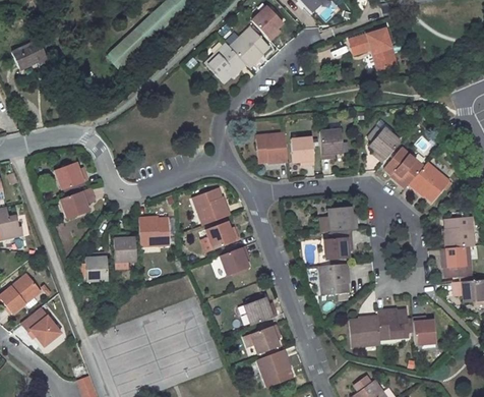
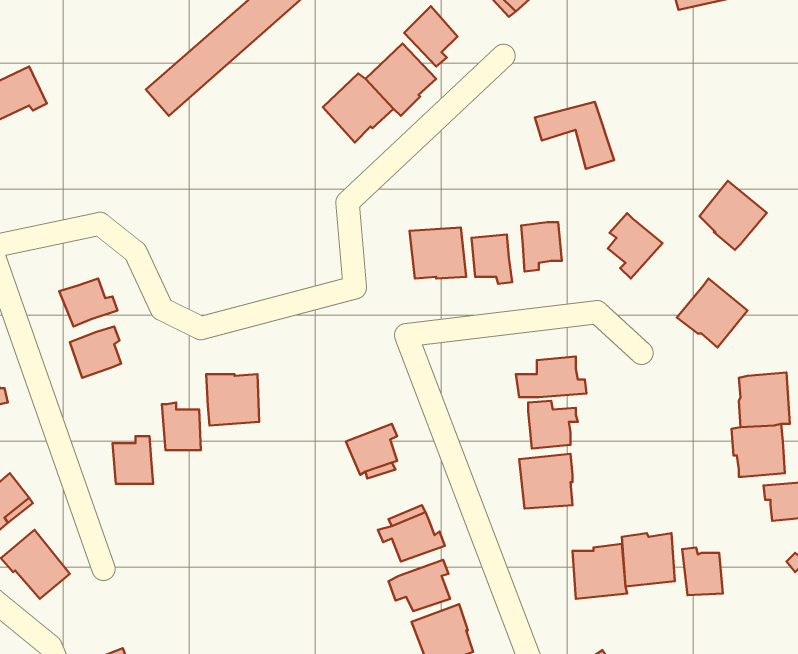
building: [350,33,396,71] -> [535,102,614,169]
building: [385,148,424,187] -> [700,181,767,250]
building: [192,188,230,225] -> none
building: [200,221,238,251] -> none

